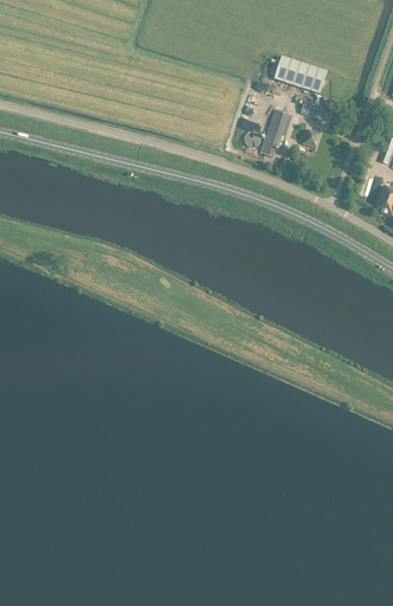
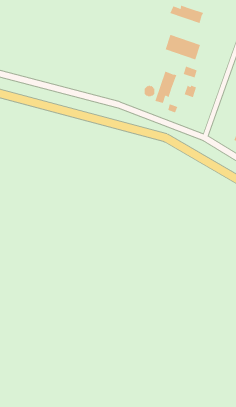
building: none -> [170,5,204,24]

